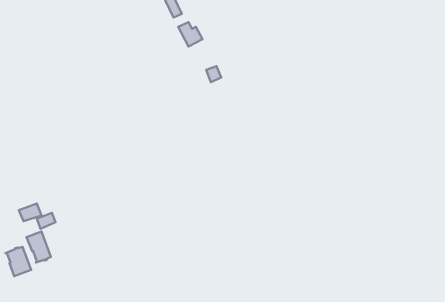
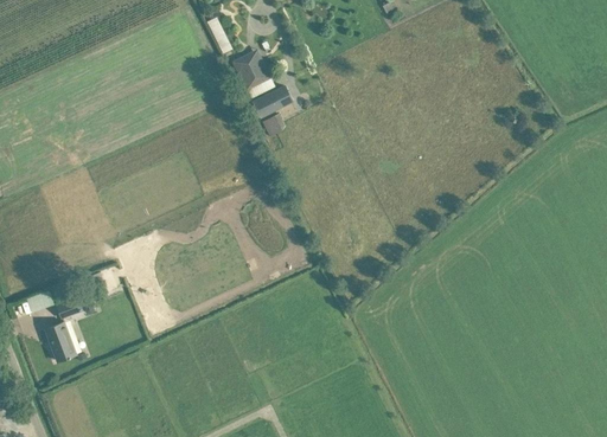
building: none -> [249,88,289,121]
building: [5,247,31,276] -> none

